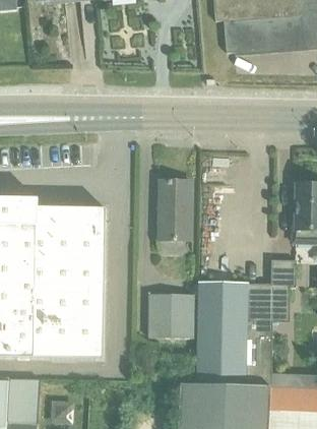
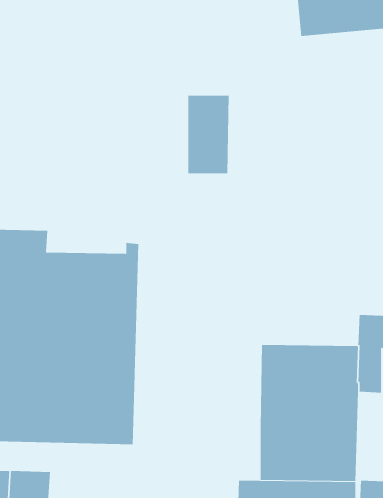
building: [158,181,190,240] -> [188,95,230,174]
building: [147,295,193,339] -> none

